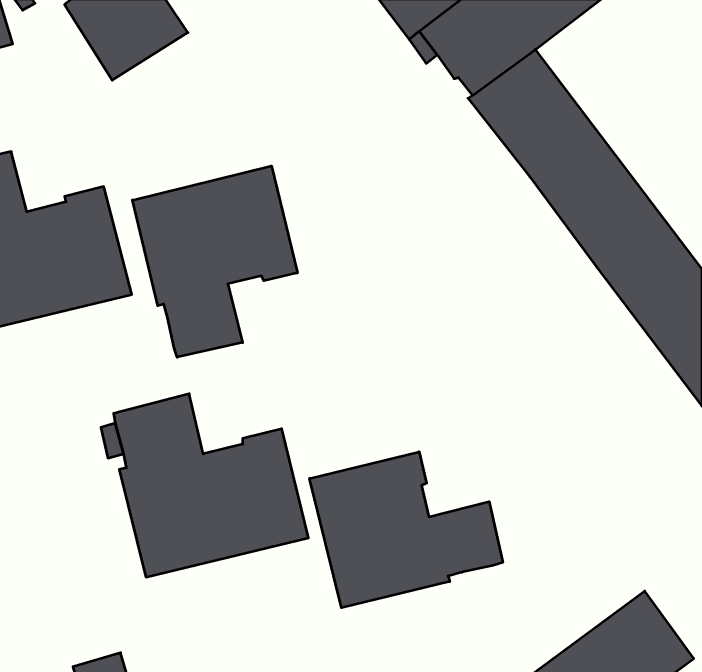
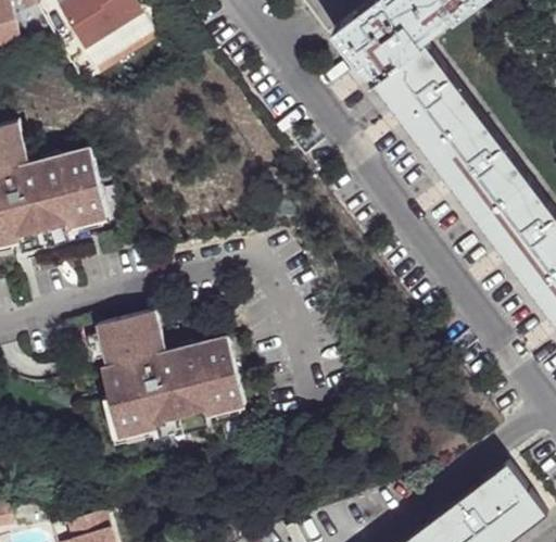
building: [132,166,297,357] -> none
building: [310,452,503,608] -> none

